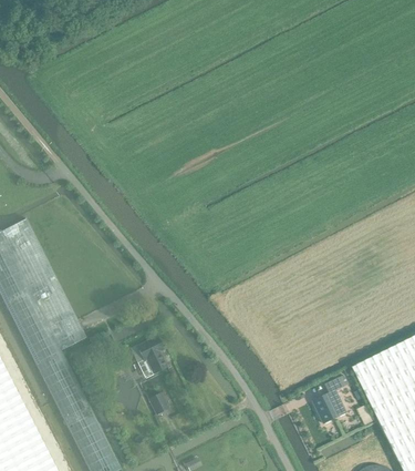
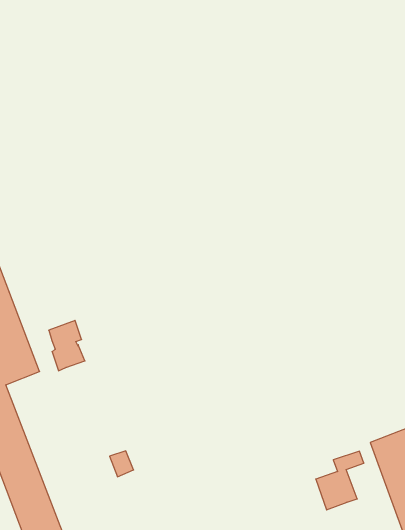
building: [136,336,167,377] -> [49,320,85,371]

